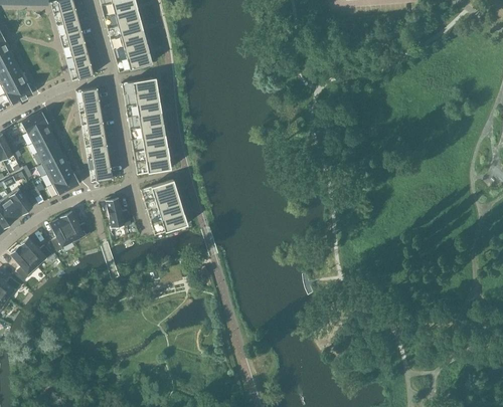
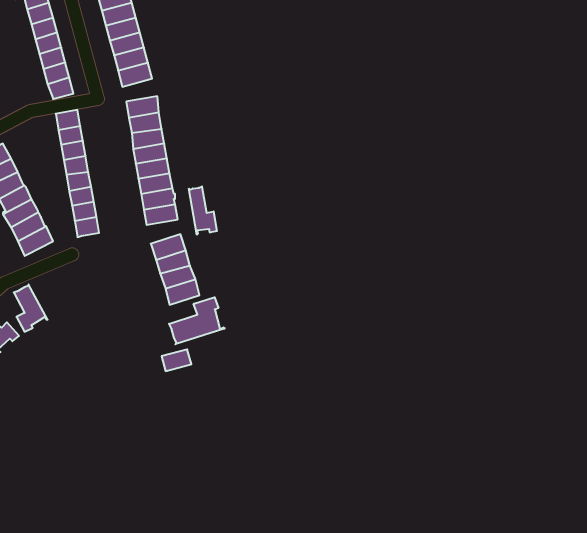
building: none -> [189,186,217,235]
building: [105,198,130,227] -> none
building: [59,212,90,243] -> none
building: none -> [169,297,225,344]

